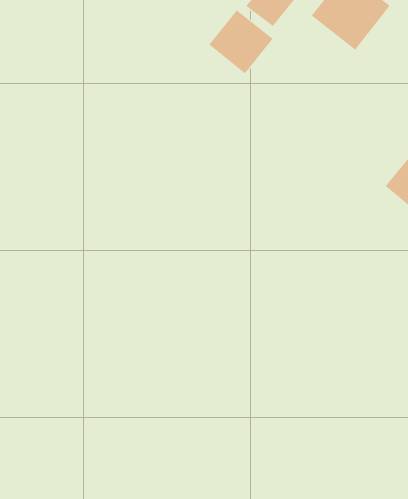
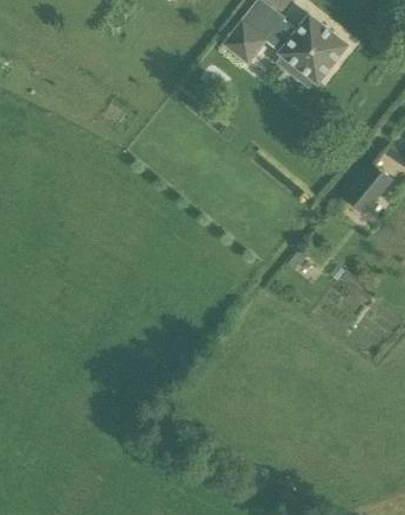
building: [208,9,273,74] -> none

